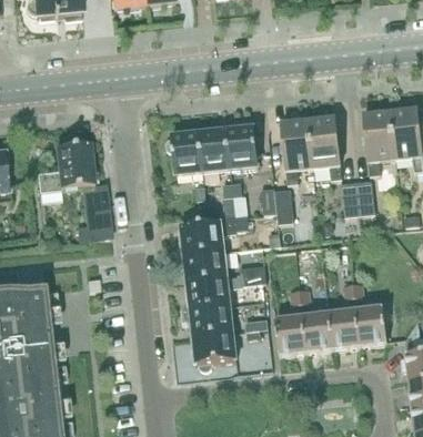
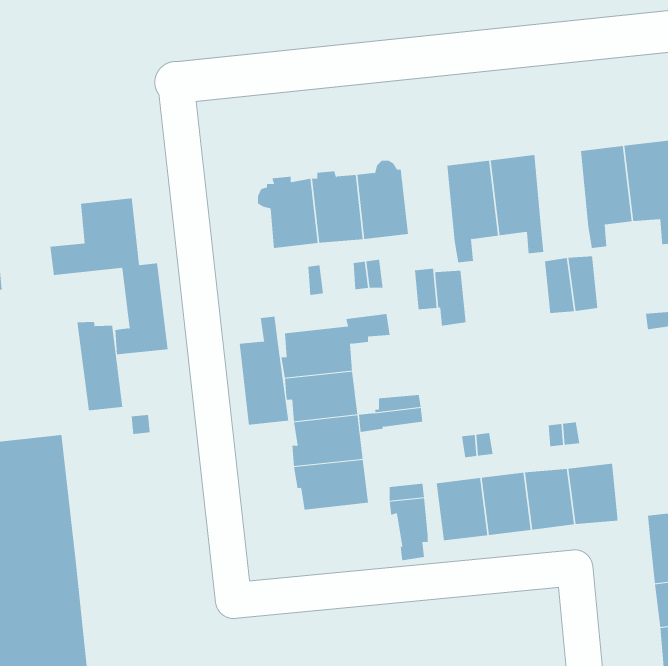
building: none -> [239,316,289,426]
building: none -> [77,321,123,411]
building: [192,331,236,369] -> none

